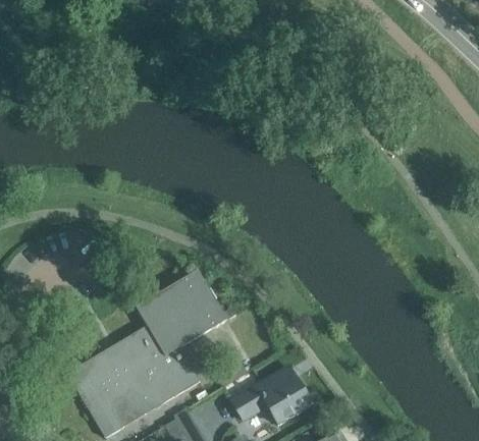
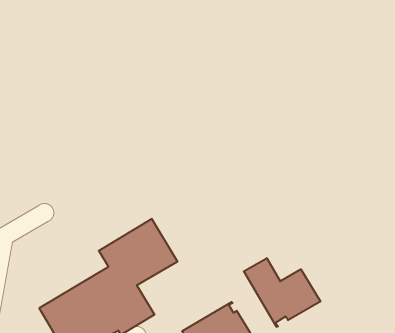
building: none -> [244,258,320,327]

